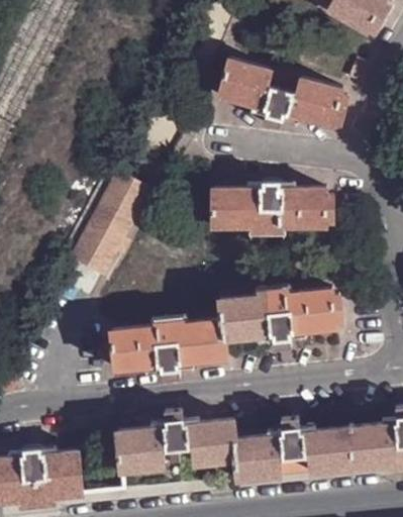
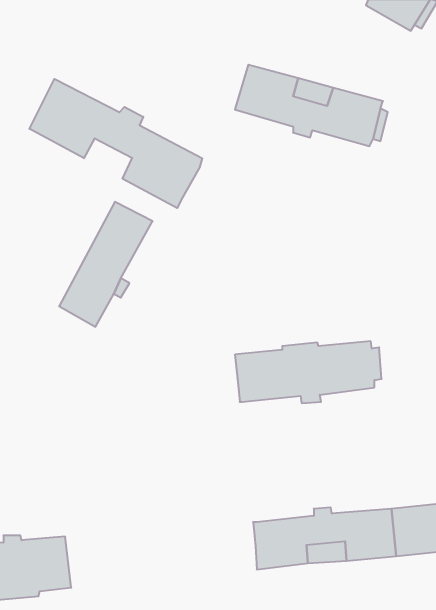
building: none -> [29,79,202,208]
building: [211,184,330,232] -> none
building: [110,321,225,372] -> none
building: [116,420,235,472] -> none

